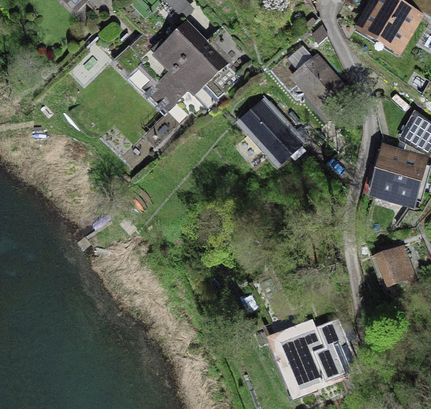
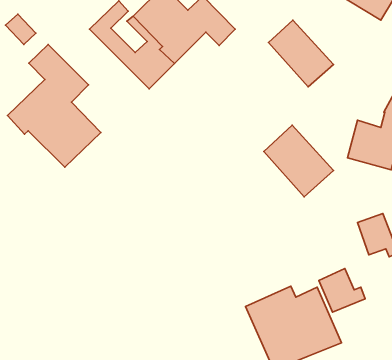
building: none -> [7,44,101,167]
building: [236,95,305,166] -> [264,125,334,197]
building: none -> [319,269,365,312]

